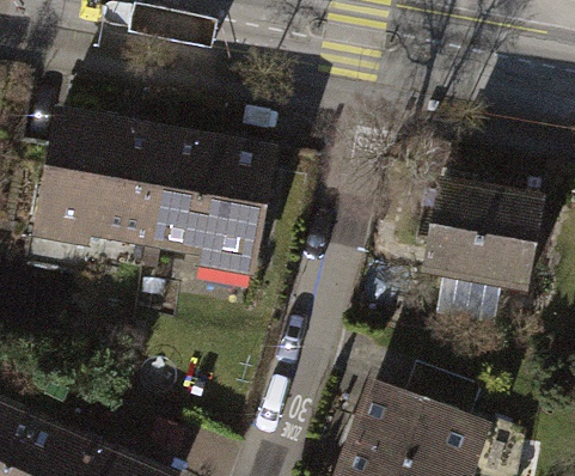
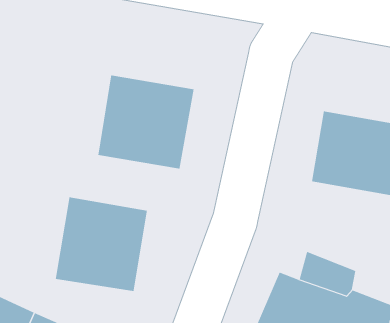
building: [35,121,164,240] -> none
building: none -> [55,197,147,292]

